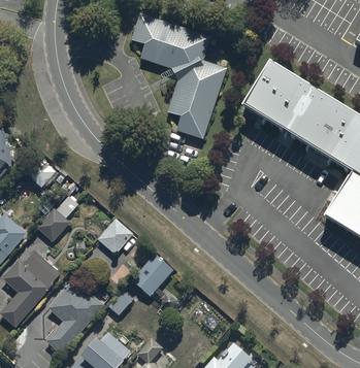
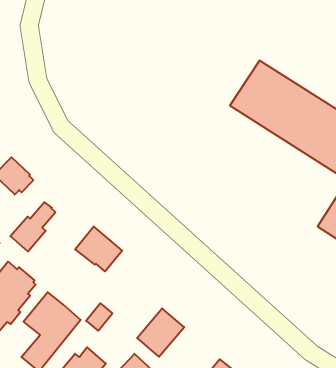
building: [130,13,228,142] -> none
building: [129,250,173,296] -> [137,308,184,357]

